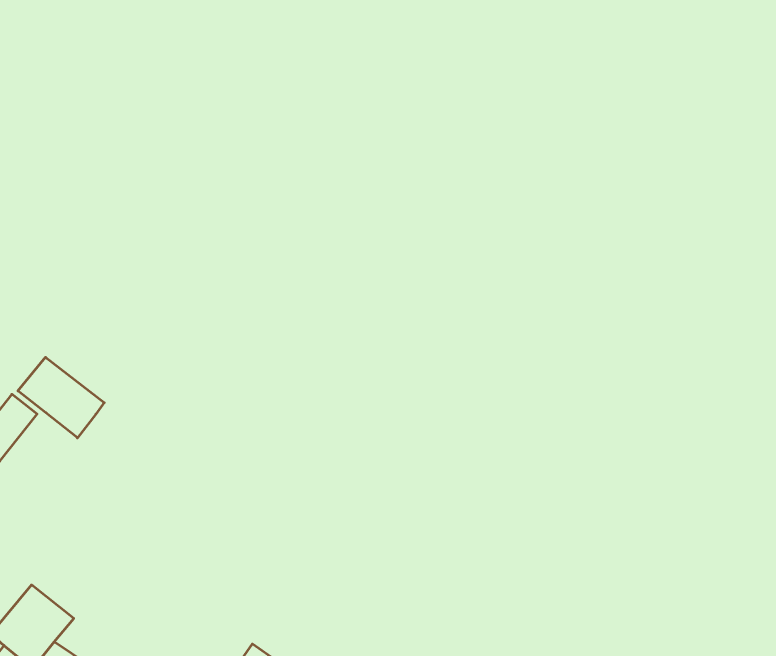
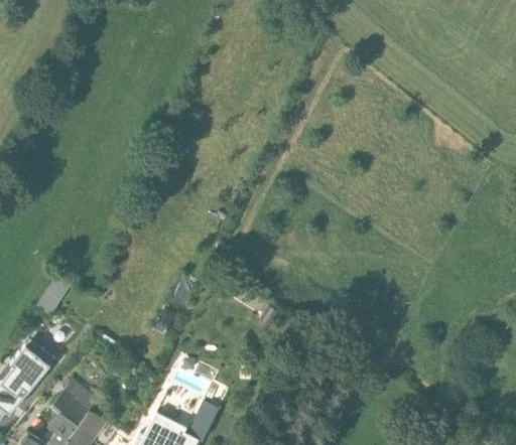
building: [18,357,104,438] -> none

